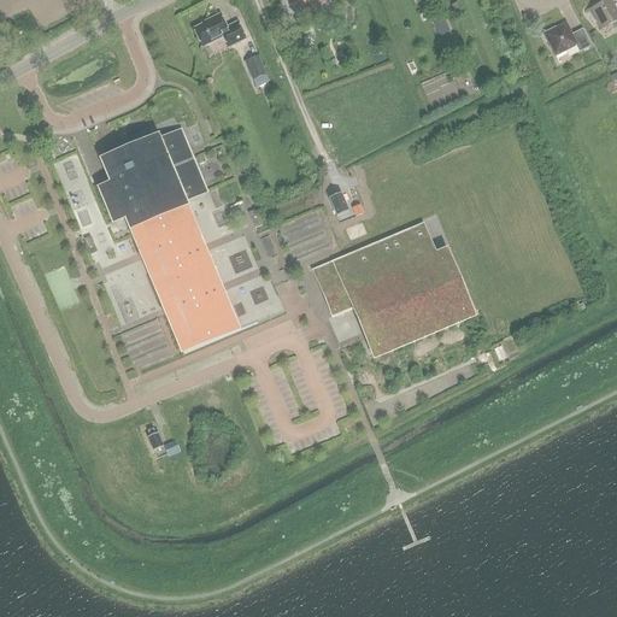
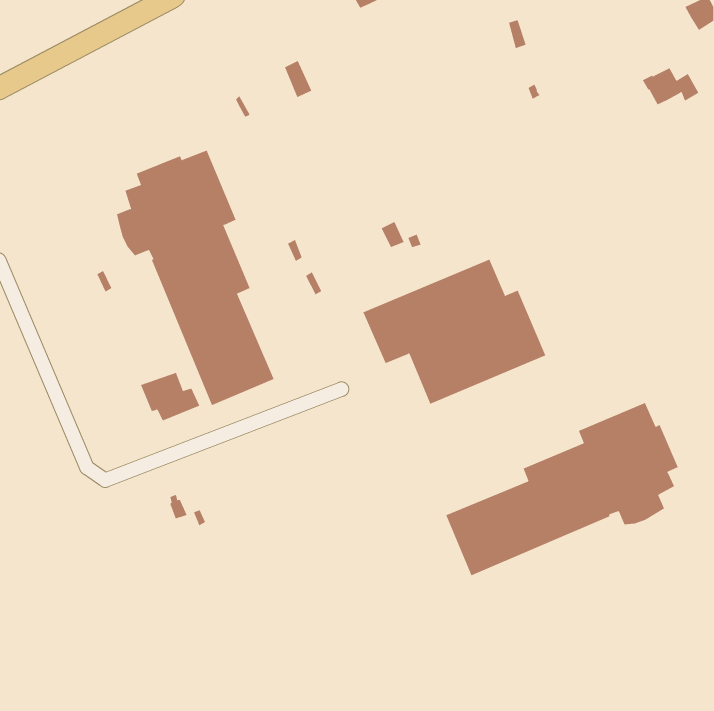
building: [194,13,246,46] -> none
building: [542,20,592,53] -> [642,68,699,105]
building: none -> [446,402,678,576]

